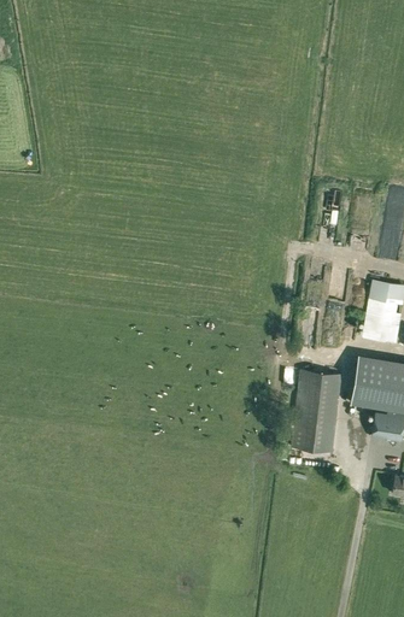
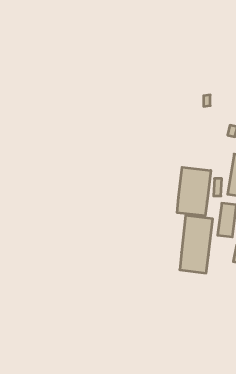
building: none -> [177,167,211,216]

